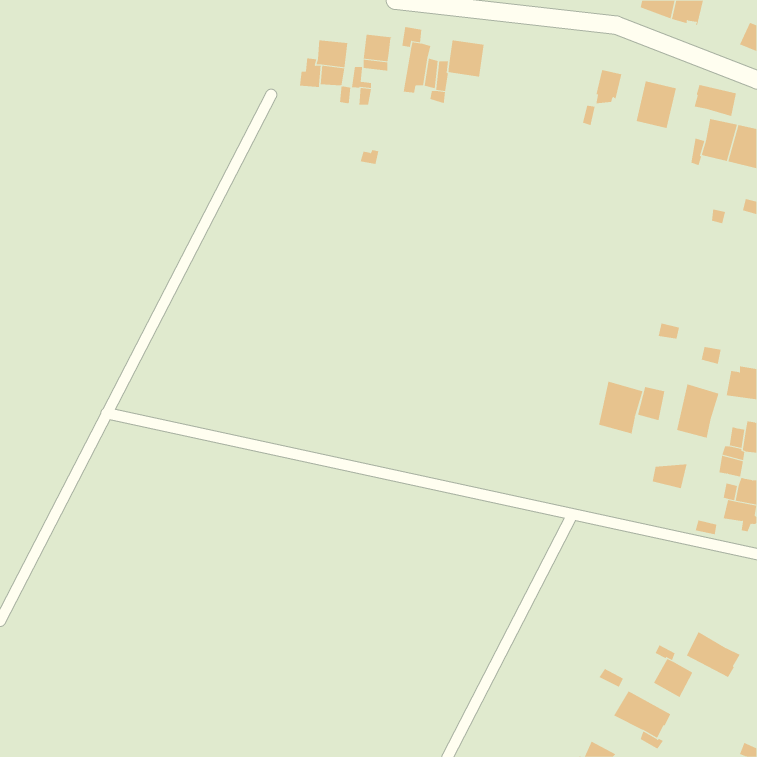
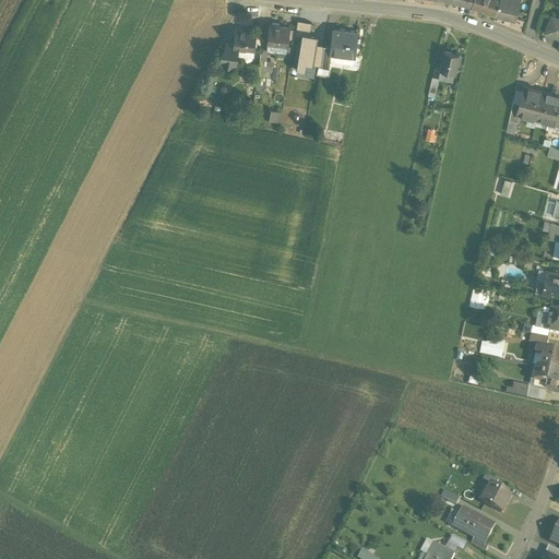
building: [636,80,677,129] -> none
building: [693,84,737,117] -> none
building: [598,381,643,435] -> none
building: [676,384,719,439] -> none
building: [686,631,741,678] -> none

